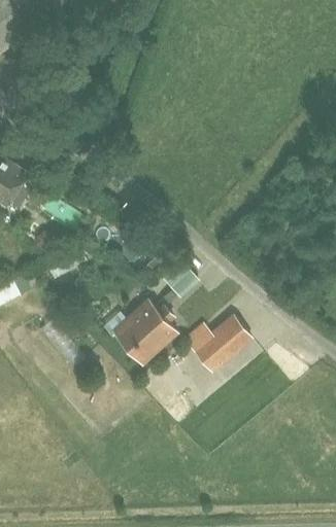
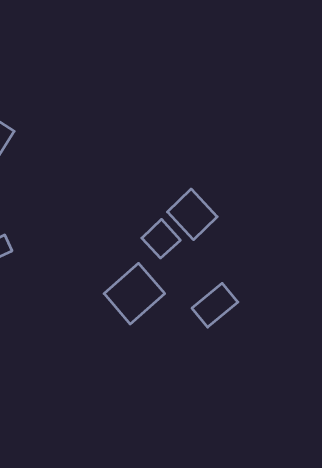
building: none -> [167,189,217,240]

